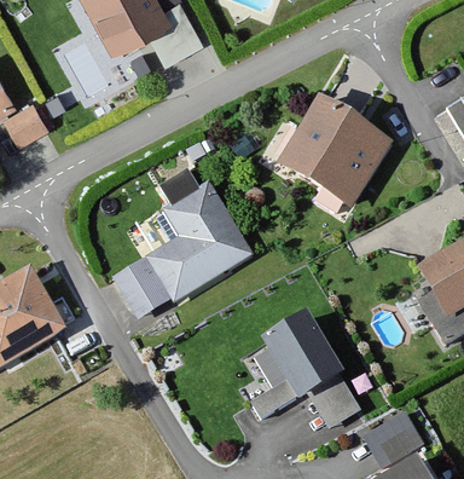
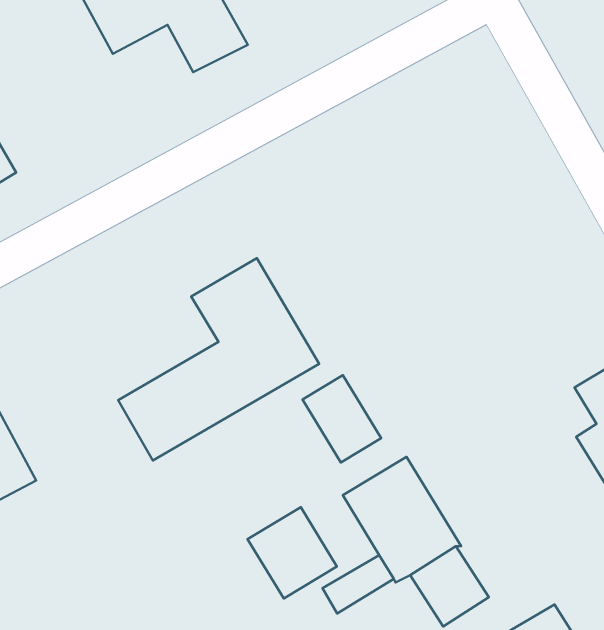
building: [288,98,398,207] -> none
building: none -> [303,375,381,463]
building: none -> [248,507,337,599]

